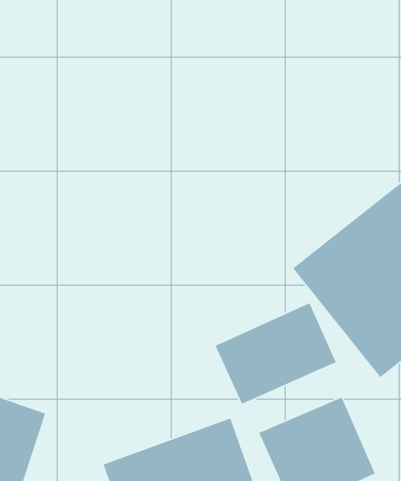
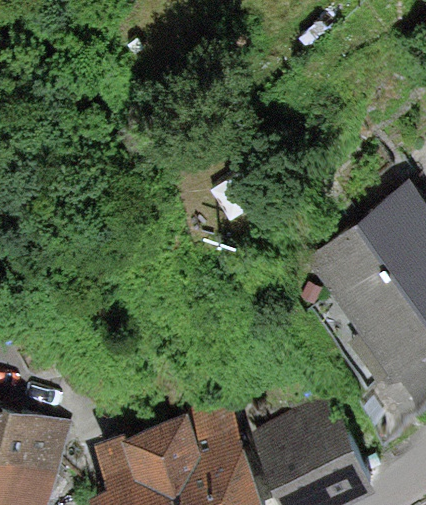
building: [214,302,337,405] -> none

